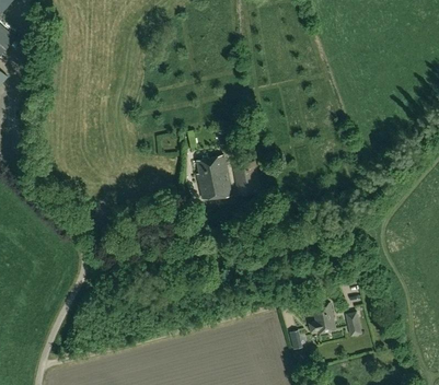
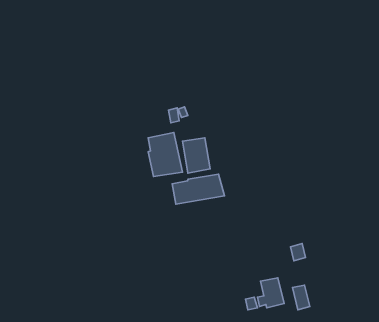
building: none -> [172,174,224,204]

